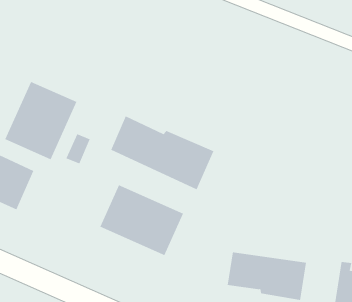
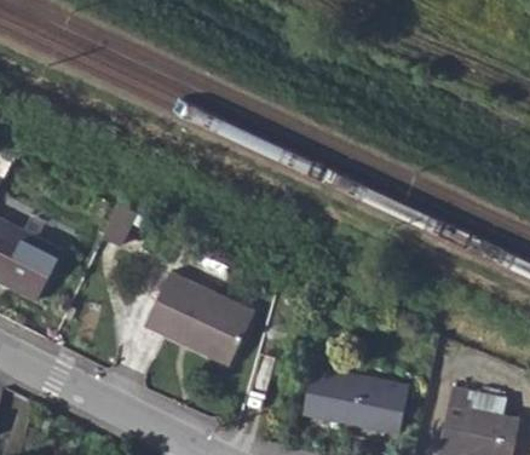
building: [5,81,77,160] -> none
building: [110,116,214,190] -> none

